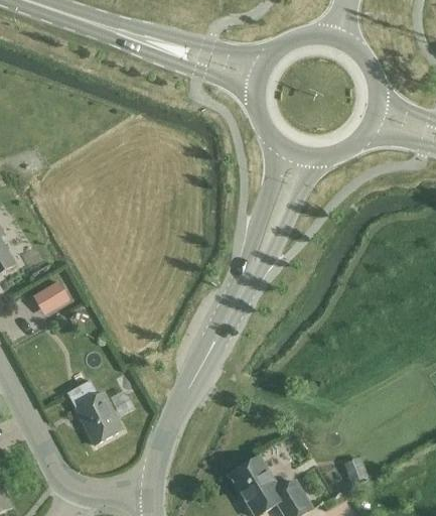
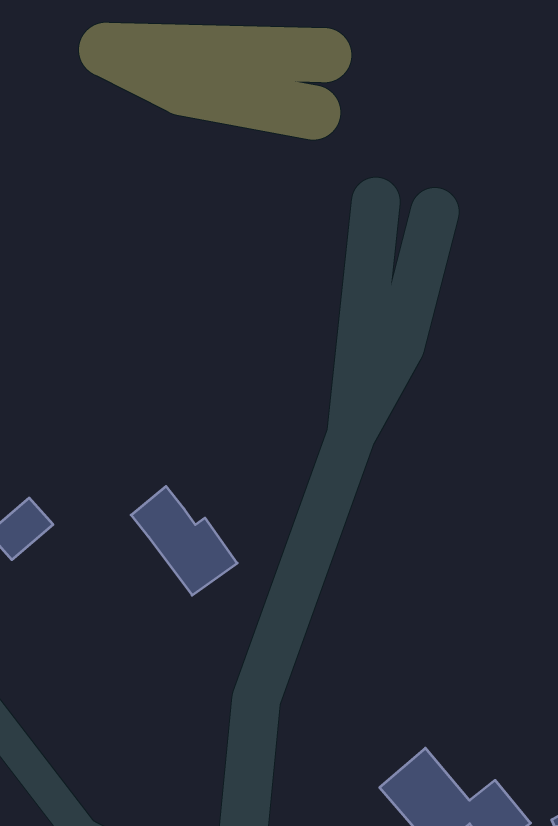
building: [68,381,124,444] -> [131,486,237,595]

